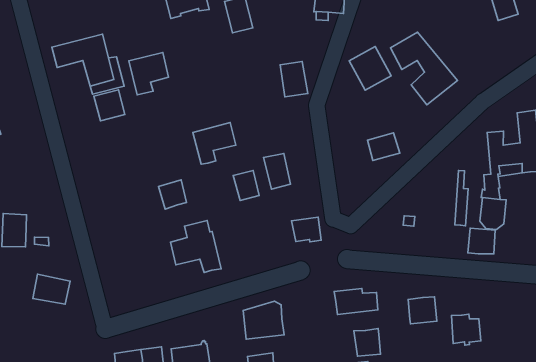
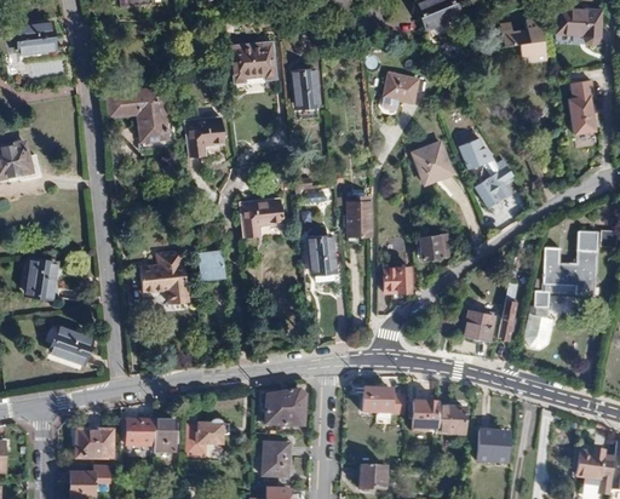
building: [280,62,308,97] -> [348,202,372,236]
building: [94,90,125,121] -> none
building: [233,171,259,201] -> none
building: [292,217,321,242] -> [384,268,412,292]
building: [170,220,221,272] -> [140,251,189,304]
building: [468,228,495,254] -> [464,310,495,340]
building: [354,329,381,356] -> [413,401,438,429]

